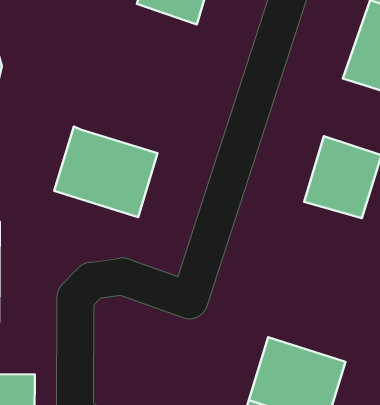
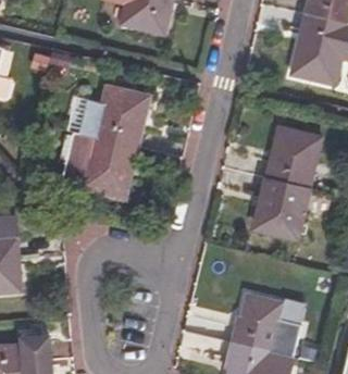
building: none -> [78,82,151,146]
building: none -> [251,176,311,239]

